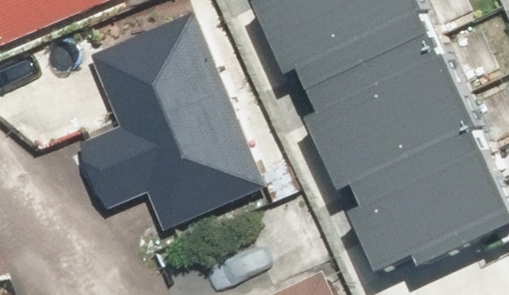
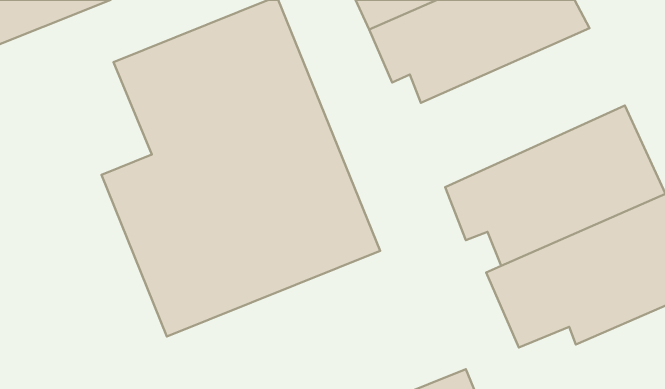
building: [312,27,462,144] -> none

